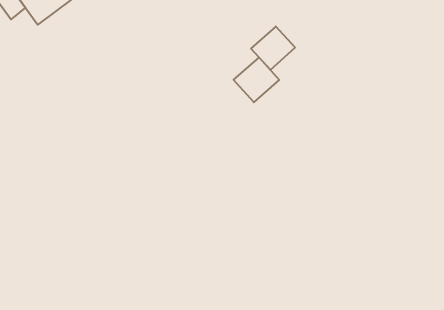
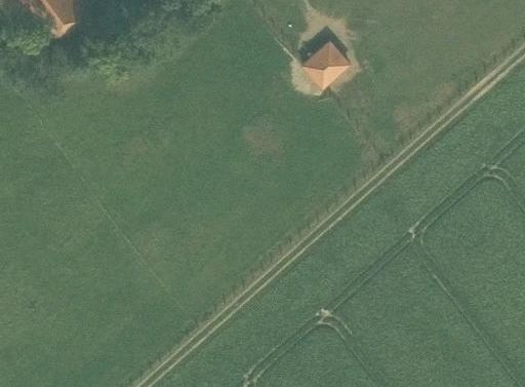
building: [234,57,279,102] -> none

